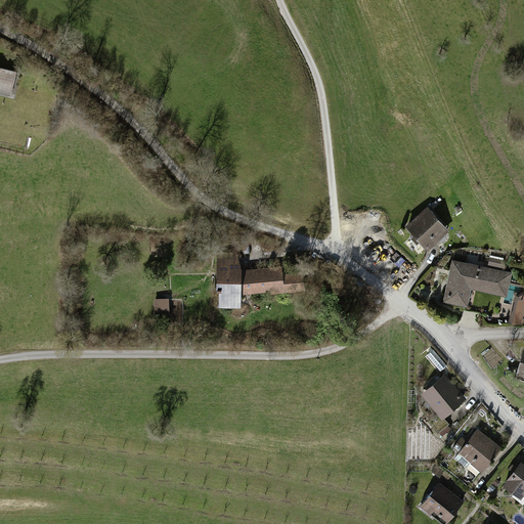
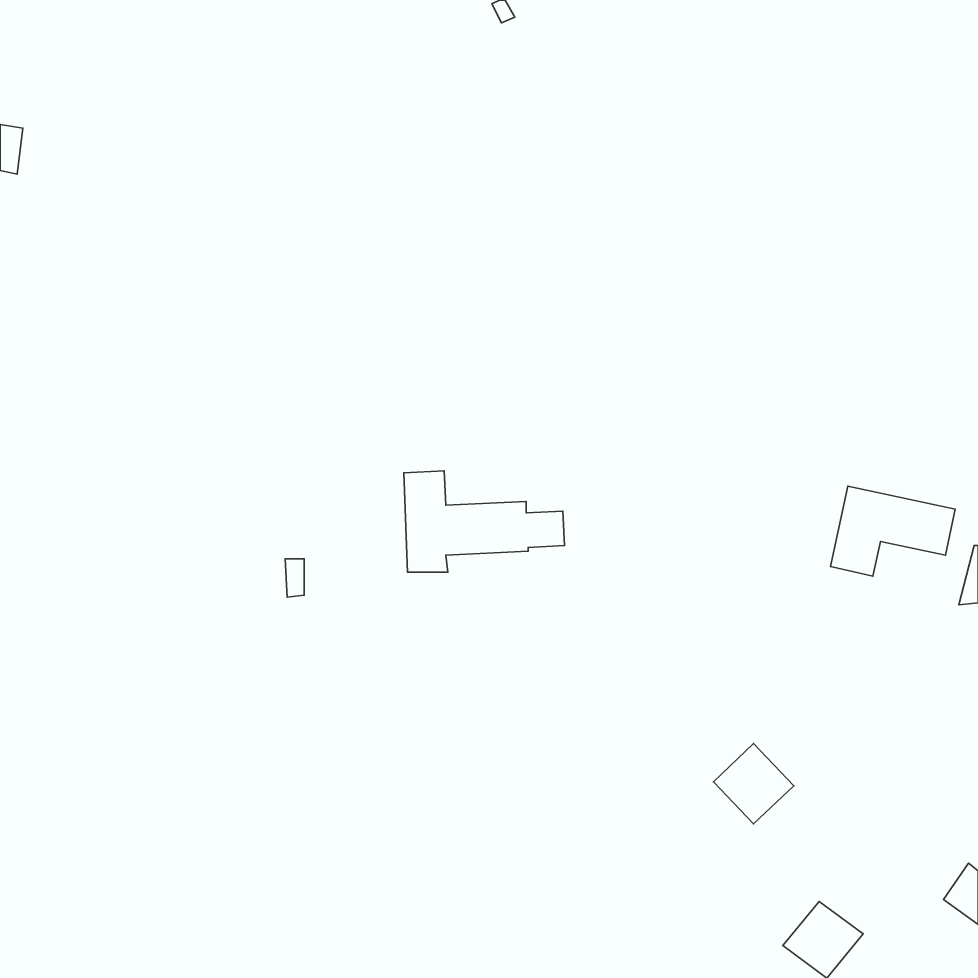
building: [406,208,448,251] -> none
building: [421,375,464,418] -> [713,744,794,824]
building: [456,429,498,471] -> none

